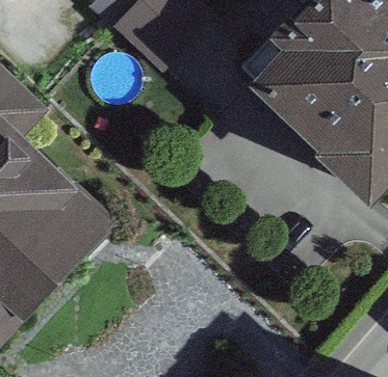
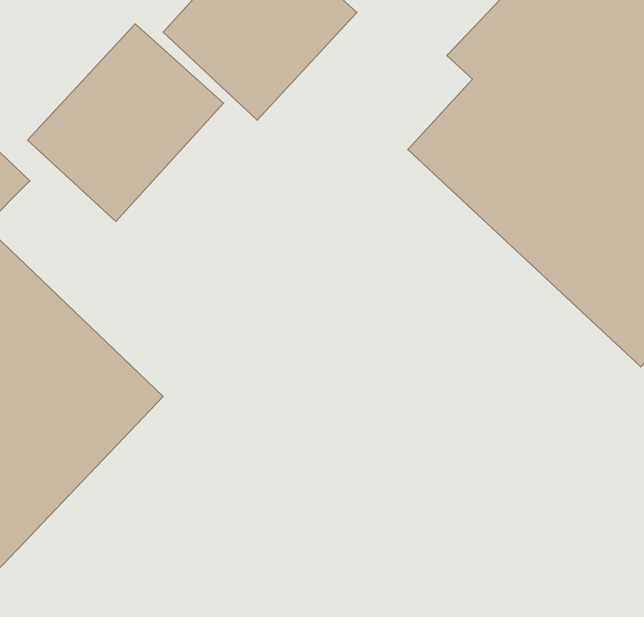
building: none -> [28,24,224,221]

